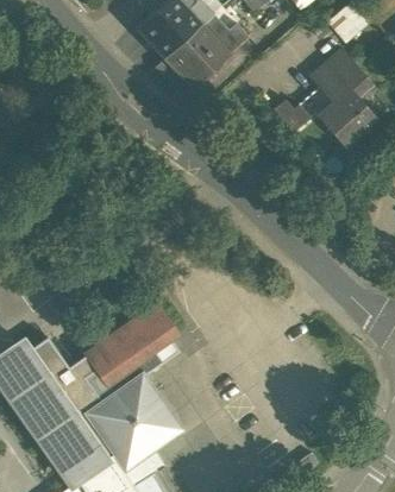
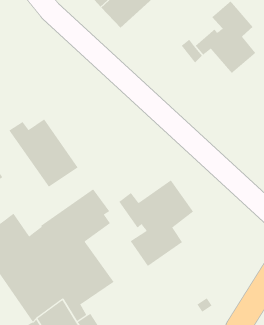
building: none -> [8,118,79,188]
building: none -> [119,179,194,267]

